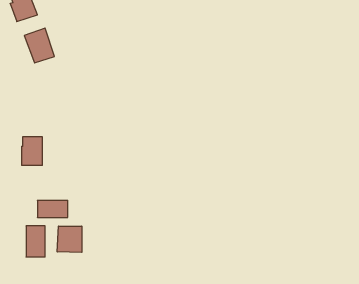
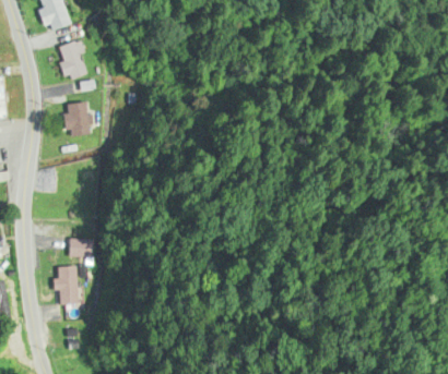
building: [22,137,42,165] -> [63,101,87,134]
building: [57,226,82,252] -> none

